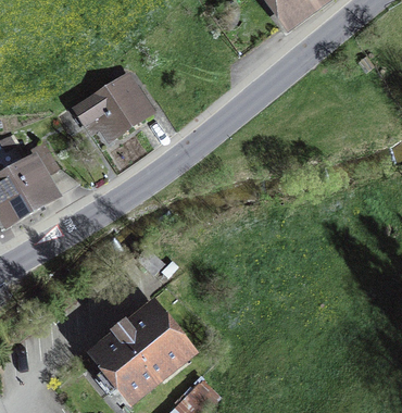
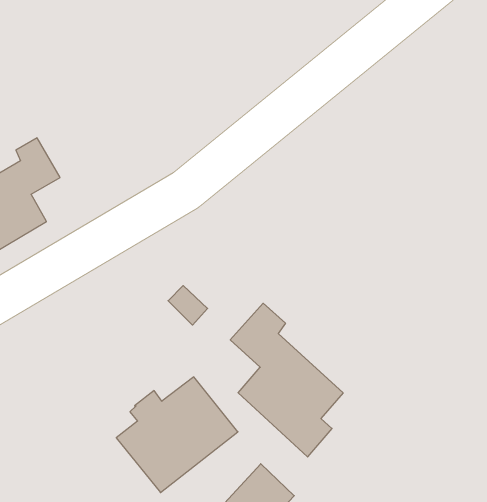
building: [75,76,150,140] -> none
building: none -> [230,303,343,457]

